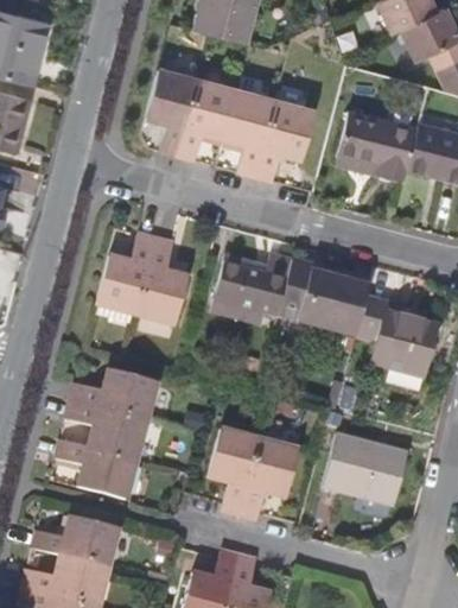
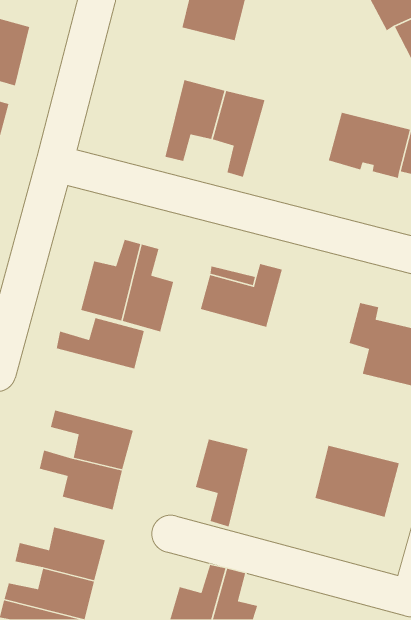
building: [146,68,197,154] -> none
building: [255,99,314,179] -> none
building: [279,264,370,336] -> none
building: [71,369,158,420] -> [56,317,145,370]
building: [241,438,299,520] -> none

